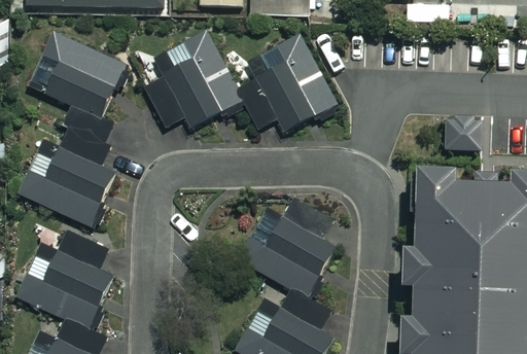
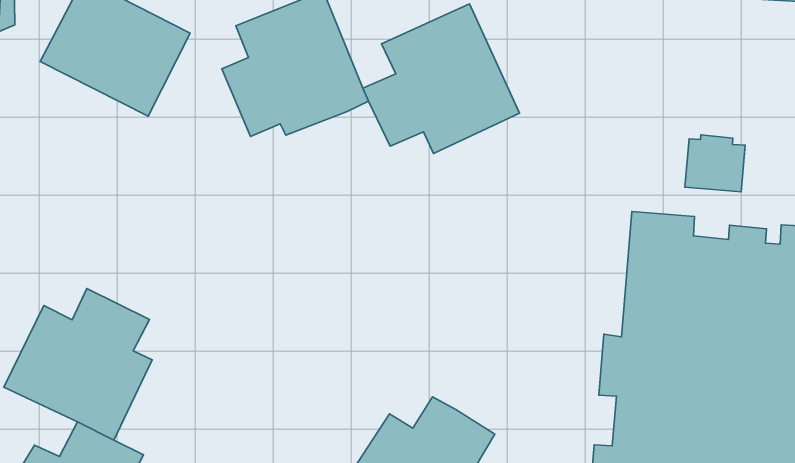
building: [21,115,113,224] -> none
building: [240,223,327,295] -> none

